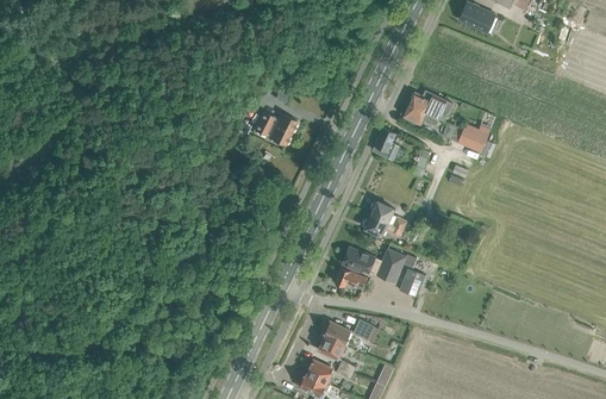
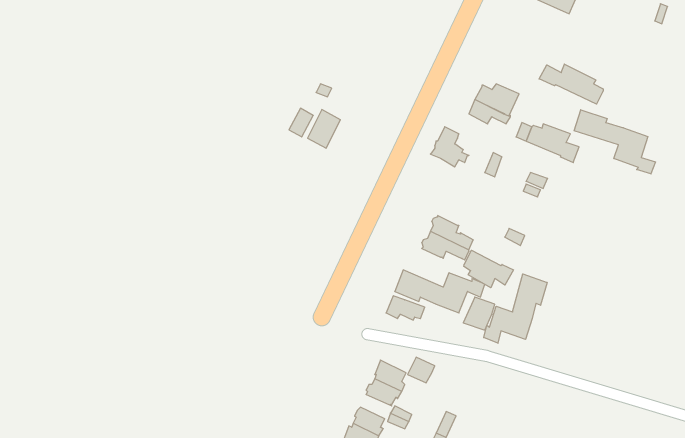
building: none -> [539,64,603,104]
building: none -> [574,110,656,174]
building: none -> [464,250,513,288]
building: none -> [484,274,547,343]

